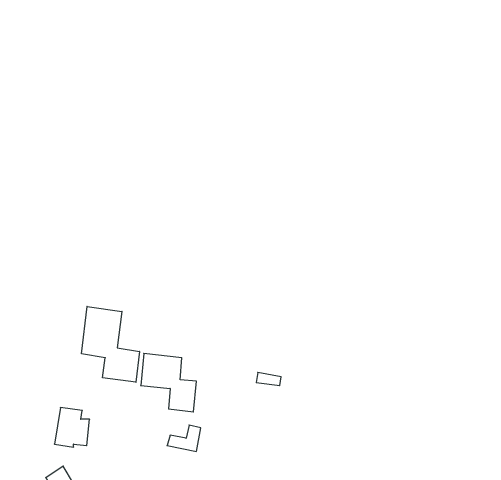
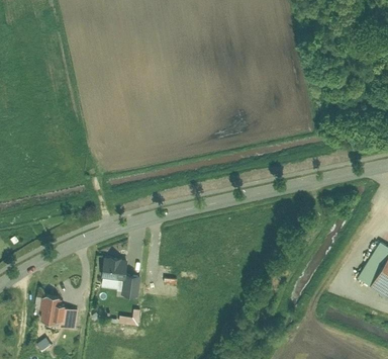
building: [82,306,139,382] -> none

